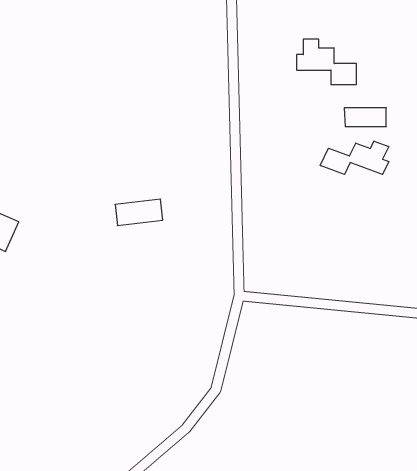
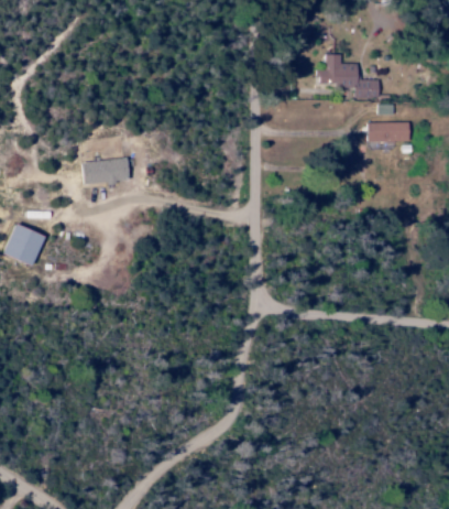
building: [320,141,389,174] -> none
building: [115,199,163,226] -> [81,158,129,184]

